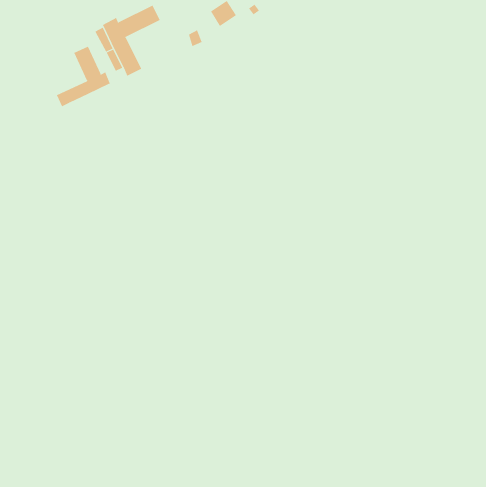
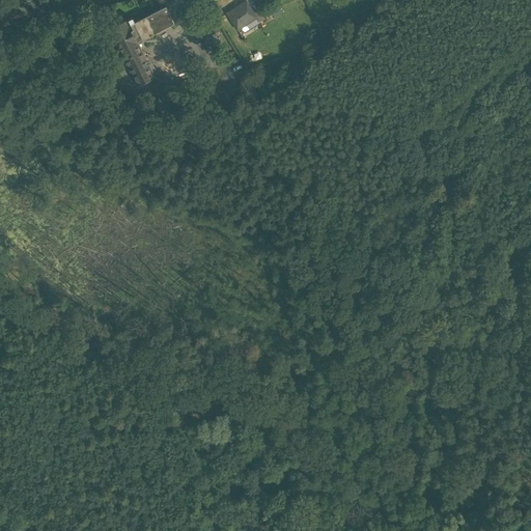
building: [56,46,111,107] -> none

